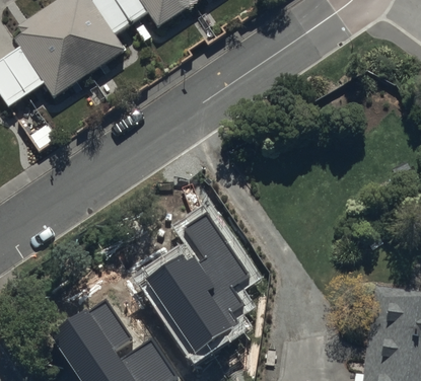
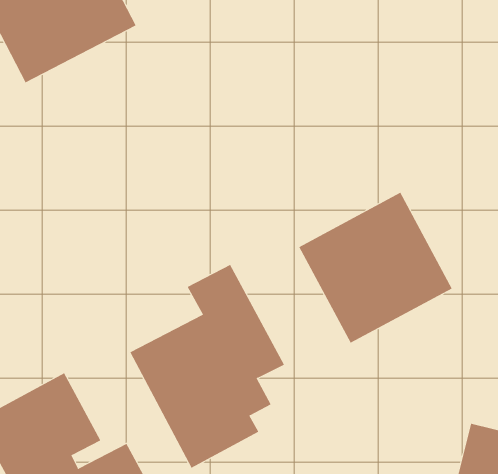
building: none -> [299,192,453,344]

